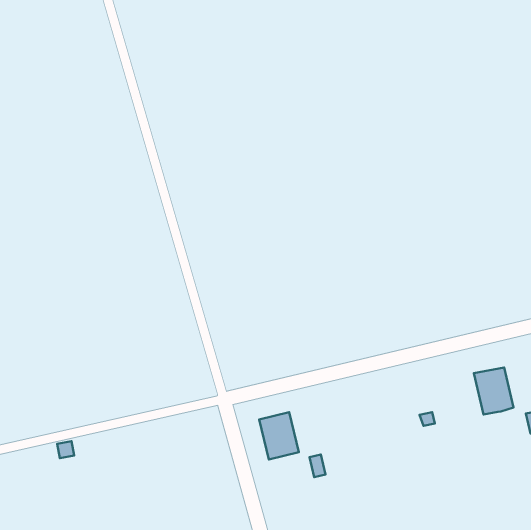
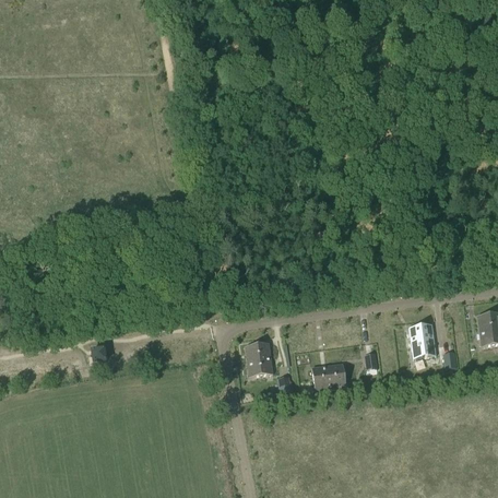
building: none -> [311,363,345,390]

